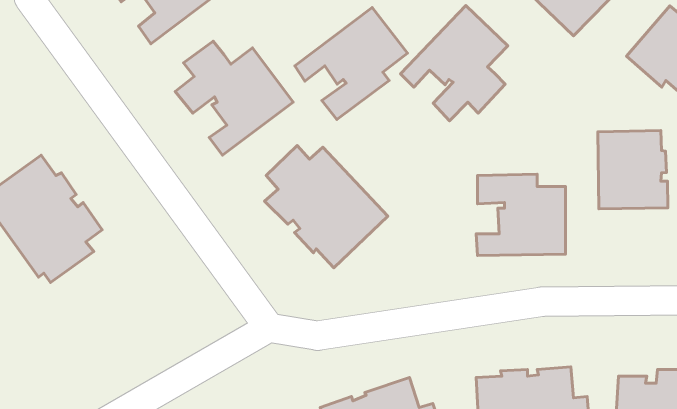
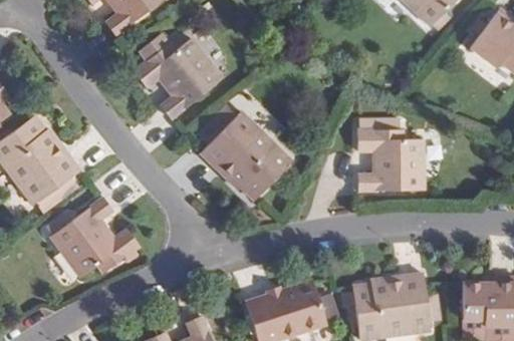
building: [400,6,508,121] -> none
building: [295,8,408,120] -> none
building: [598,131,668,209] -> none
building: none -> [45,196,138,275]

